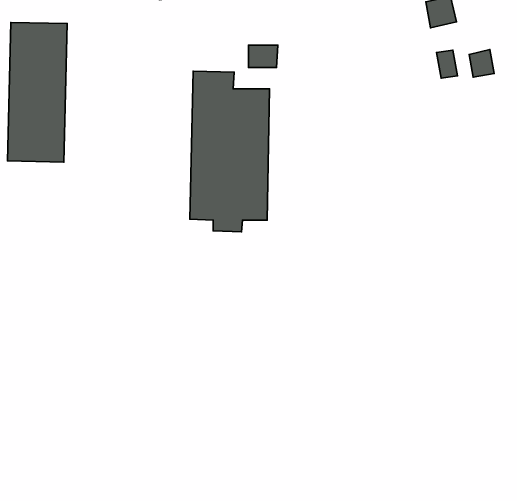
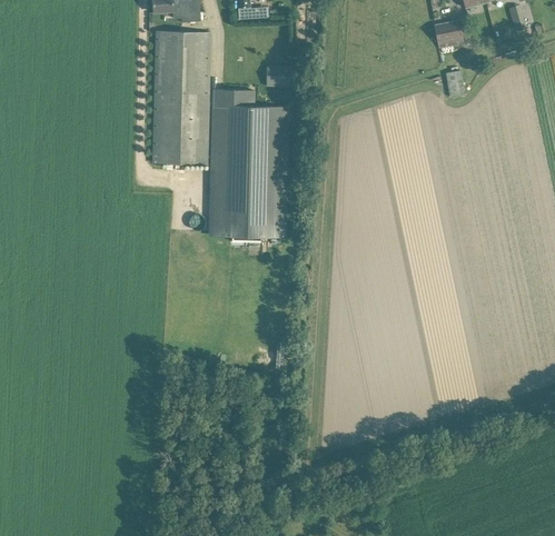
building: [7,22,67,162] -> [152,31,209,163]
building: [469,50,494,77] -> none

